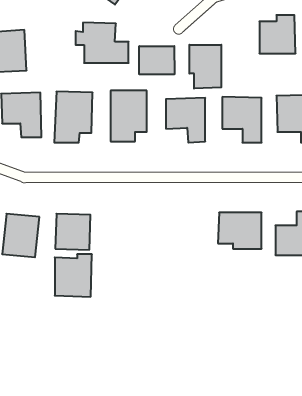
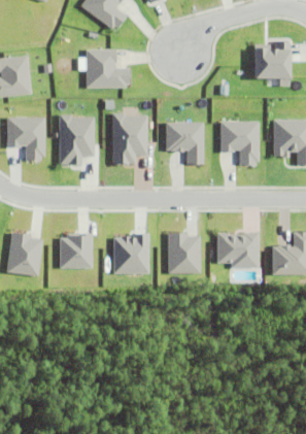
building: [189,45,221,89] -> none
building: [139,46,174,74] -> none
building: none -> [168,234,200,274]
building: [55,254,92,297] -> [113,233,149,274]

